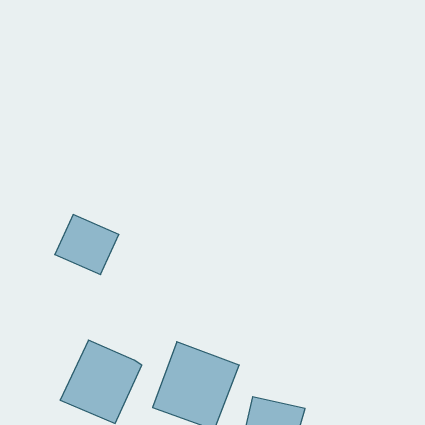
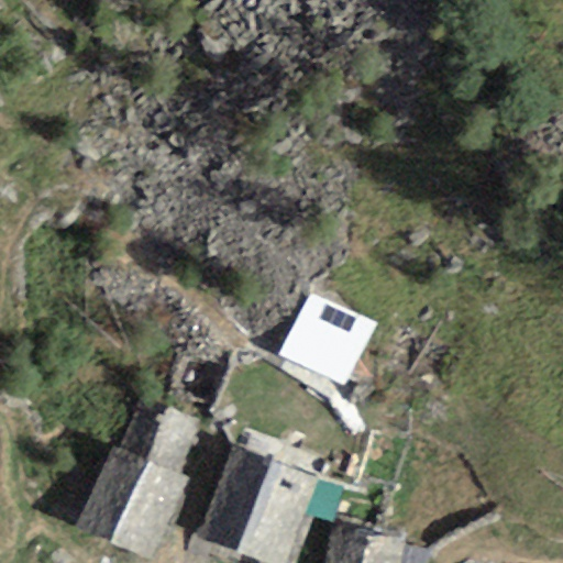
building: [55,215,119,275] -> [118,397,202,476]
building: none -> [279,294,375,386]

